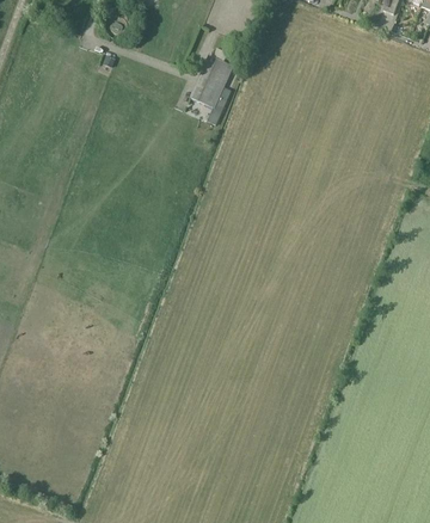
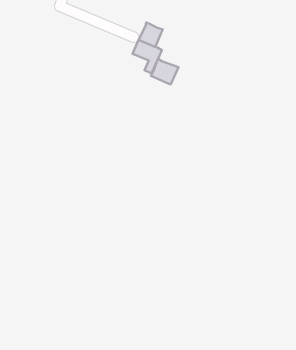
building: none -> [151,59,178,84]

